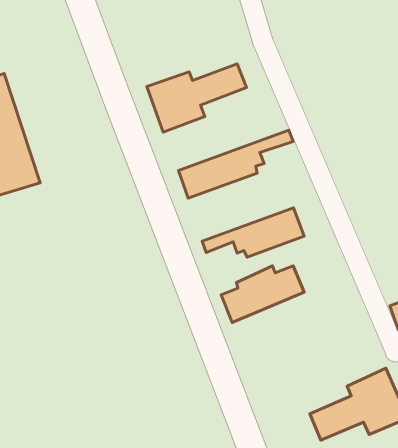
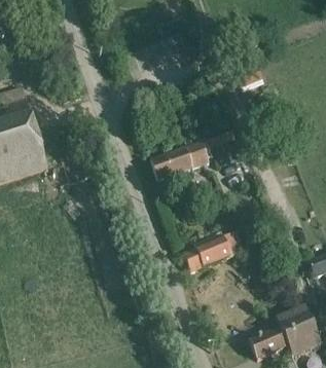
building: [147,64,246,132] -> none
building: [202,208,304,257] -> none

